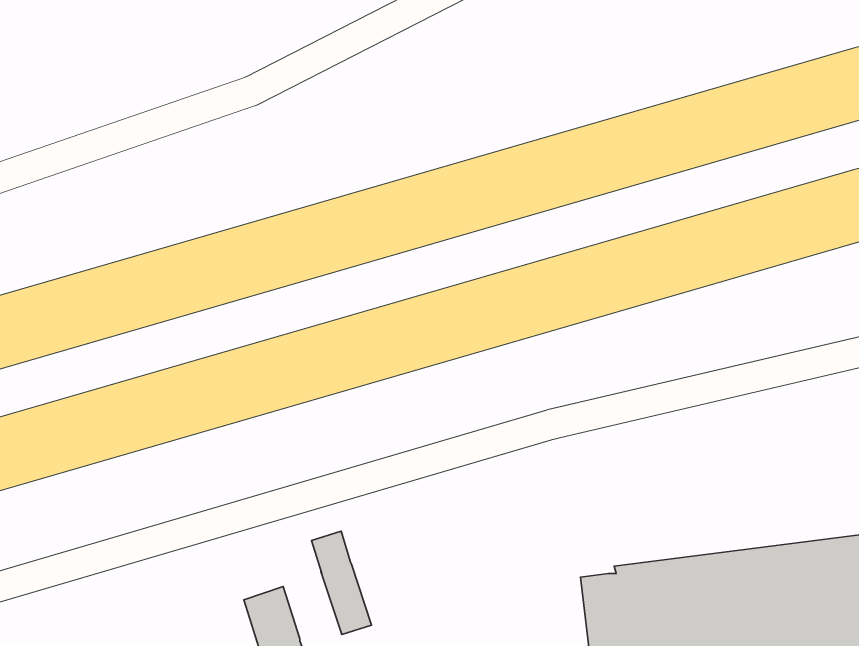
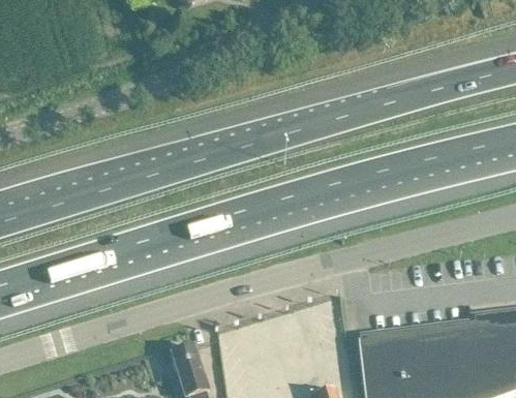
building: [311,531,372,634] -> none

